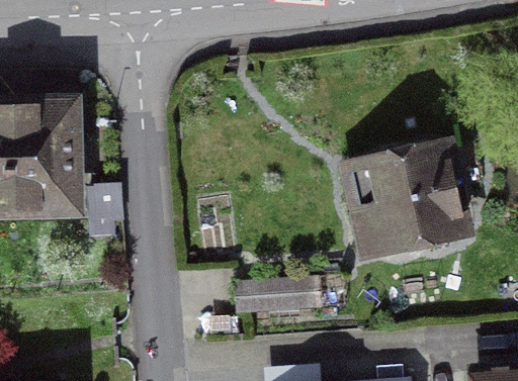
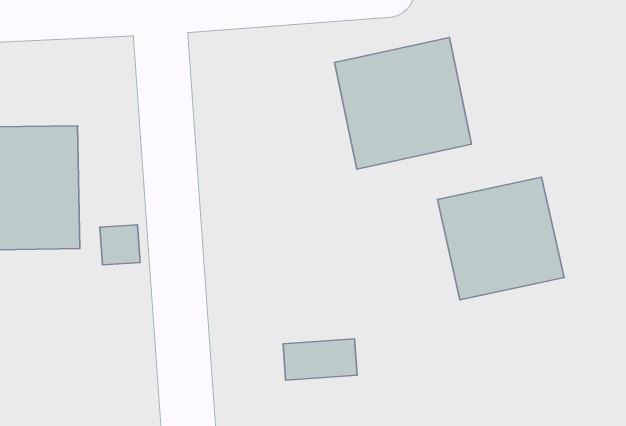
building: none -> [335,38,472,169]

